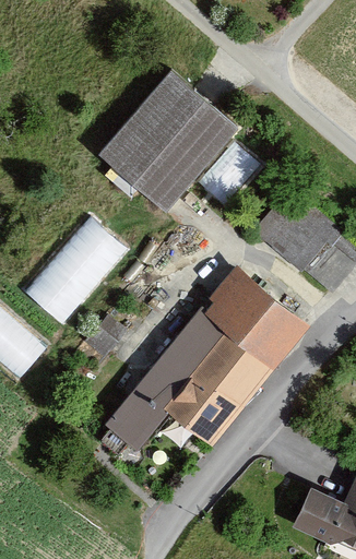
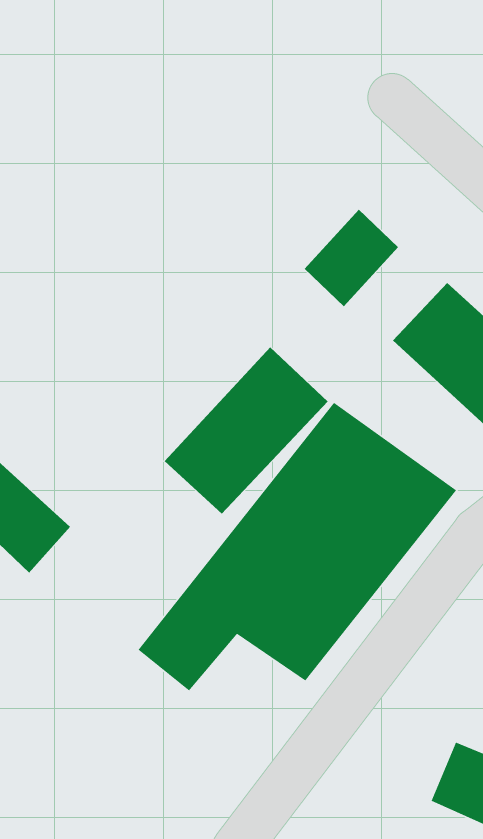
building: [94,69,240,213] -> none
building: [31,212,139,322] -> [164,346,329,514]

